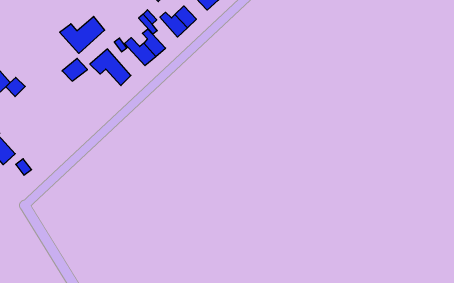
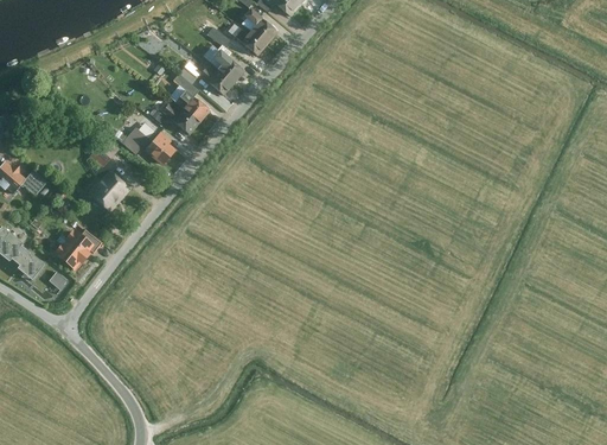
building: [60,16,105,53] -> none
building: none -> [87,171,129,211]
building: none -> [53,224,100,271]

